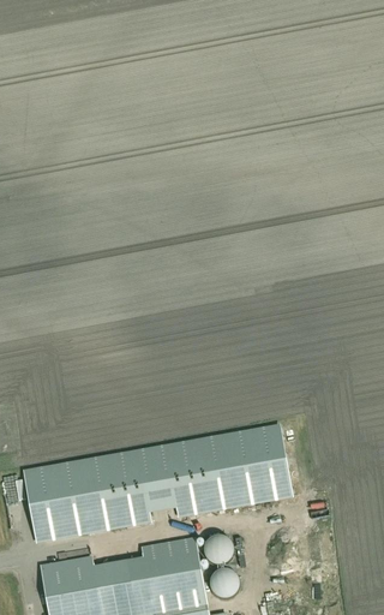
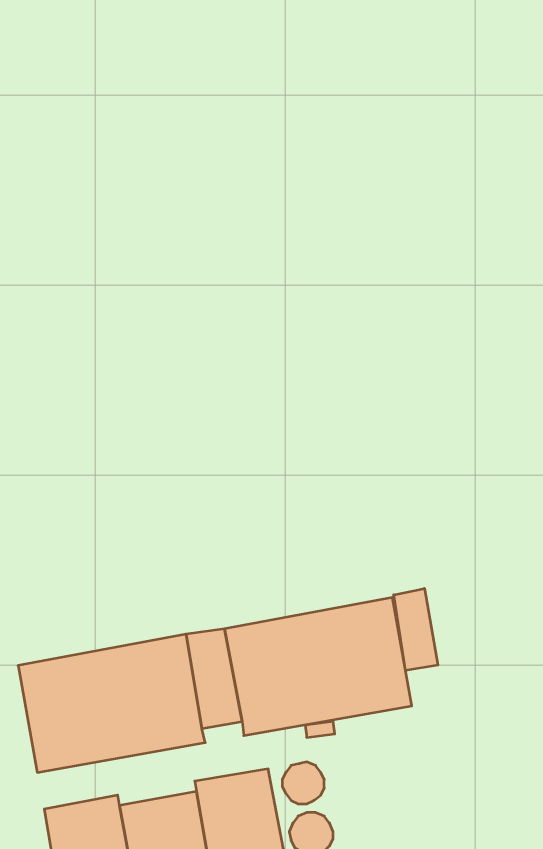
building: none -> [394,588,438,671]

